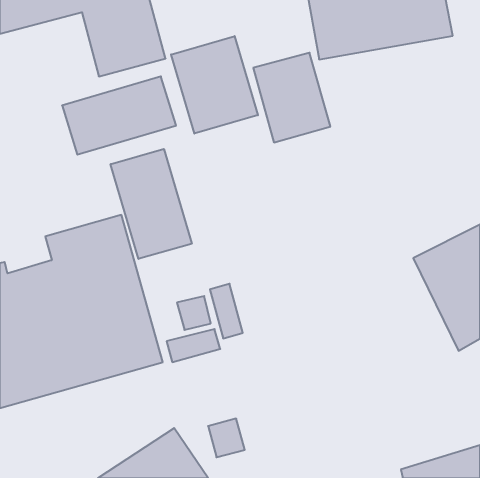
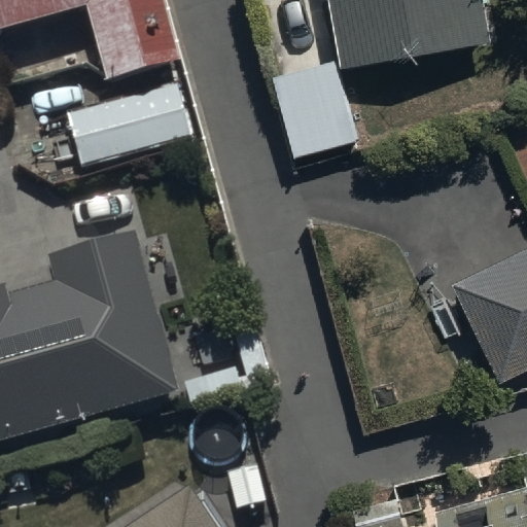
building: [171,36,258,134] -> none
building: [111,149,192,259] -> none

